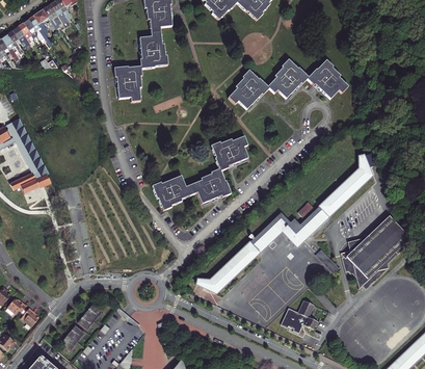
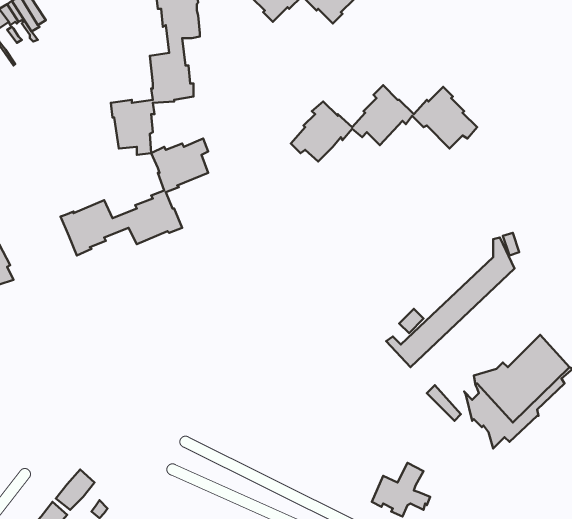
building: [153,136,247,211] -> [61,139,208,255]
building: [196,213,306,294] -> none

